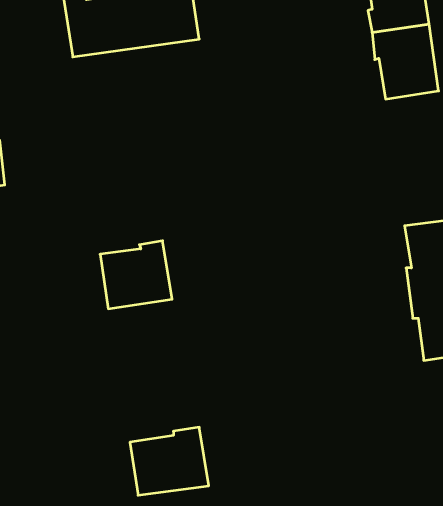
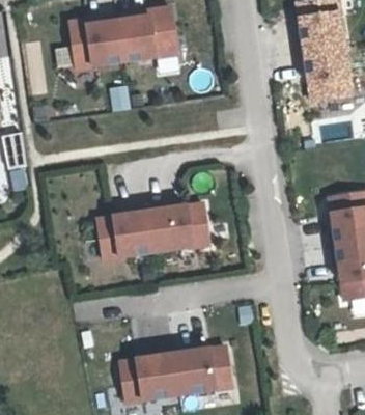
building: none -> [145,202,209,252]
building: none -> [173,345,232,394]

